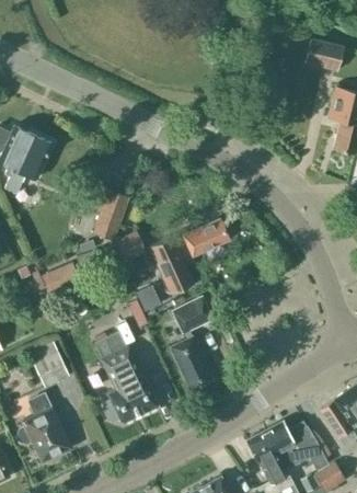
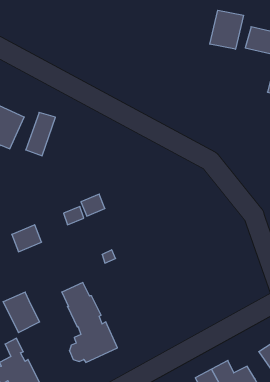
building: none -> [210,10,243,49]
building: [93,192,127,241] -> [26,112,55,156]
building: [149,221,228,295] -> none
building: [169,298,212,391] -> none

